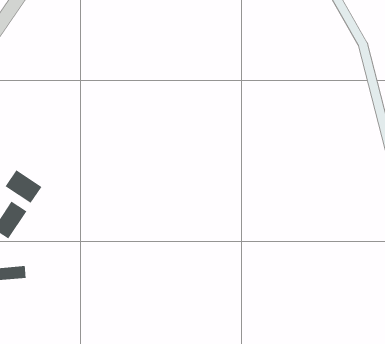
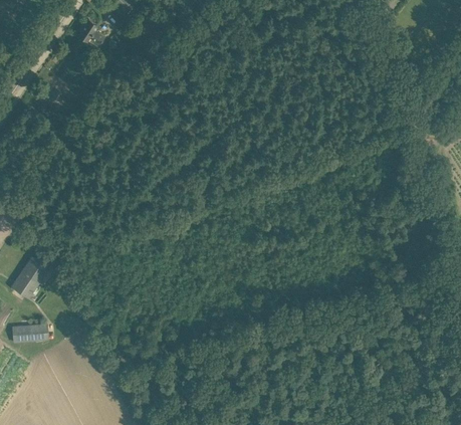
building: [5,169,43,204] -> none

